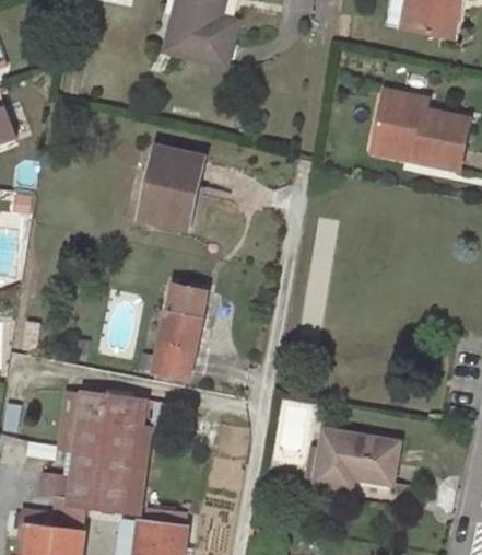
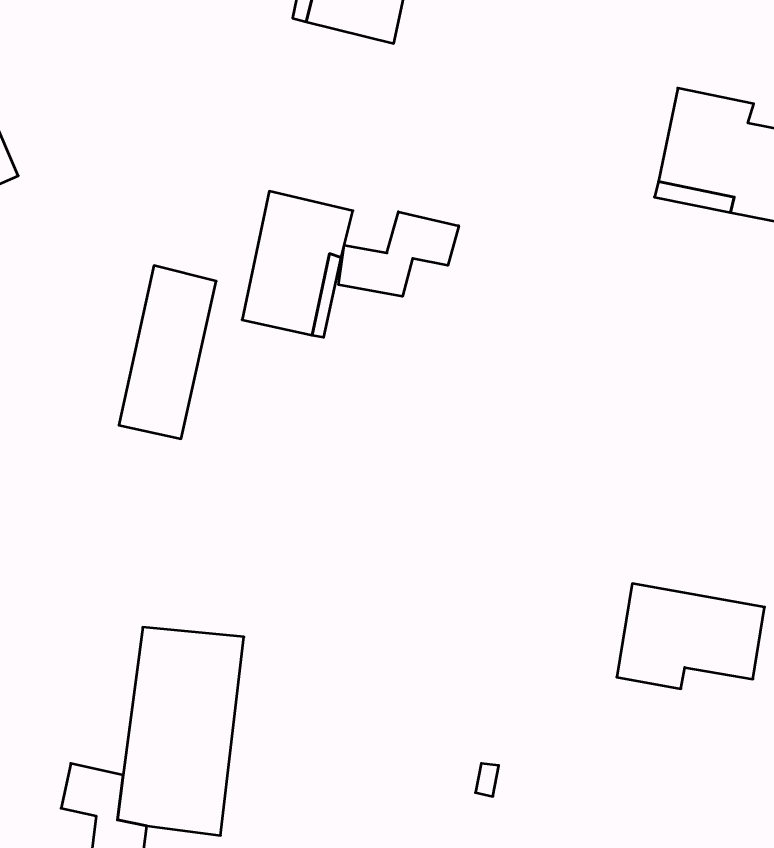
building: none -> [339,212,459,296]
building: [153,284,208,381] -> [119,266,216,439]
building: [315,428,398,487] -> [617,584,765,689]

